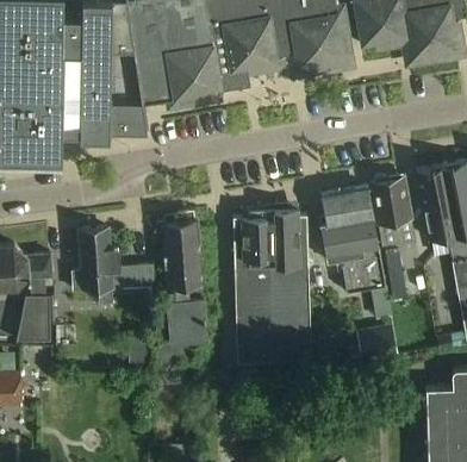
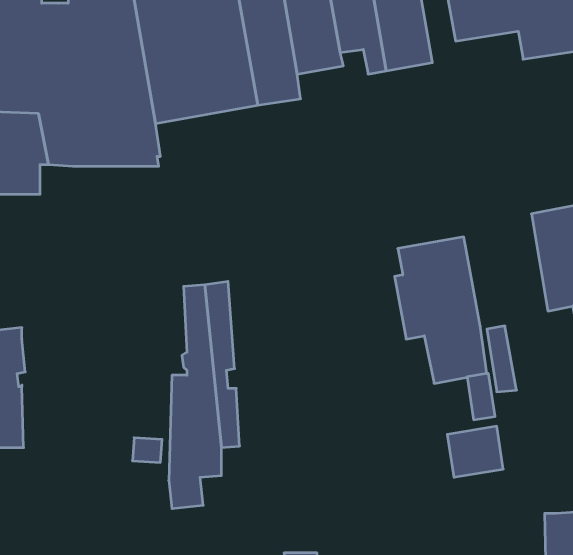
building: [371,177,415,246] -> none
building: [232,210,311,363] -> none
building: [70,225,152,302] -> none

